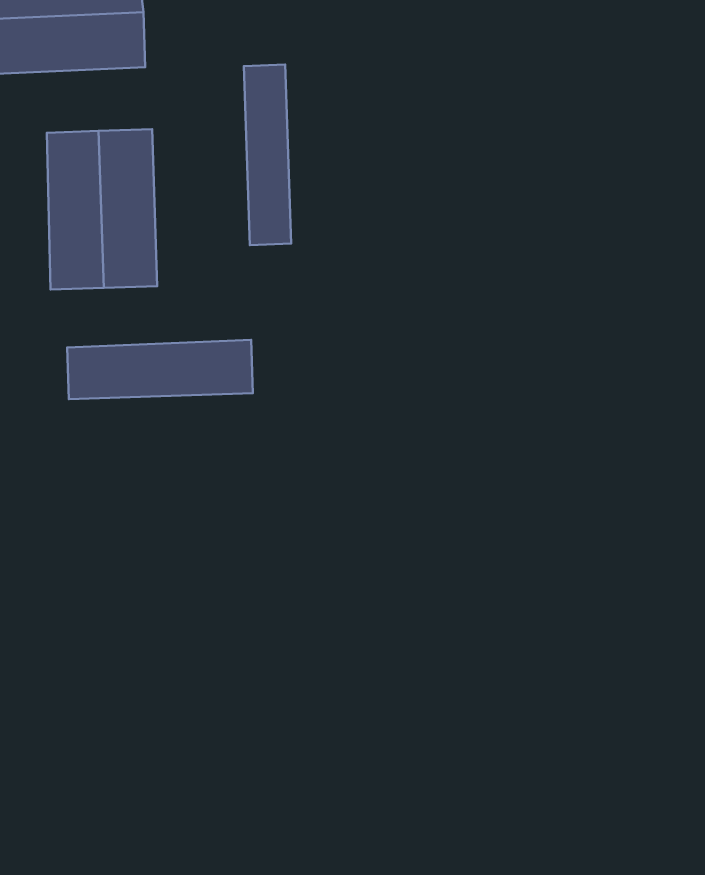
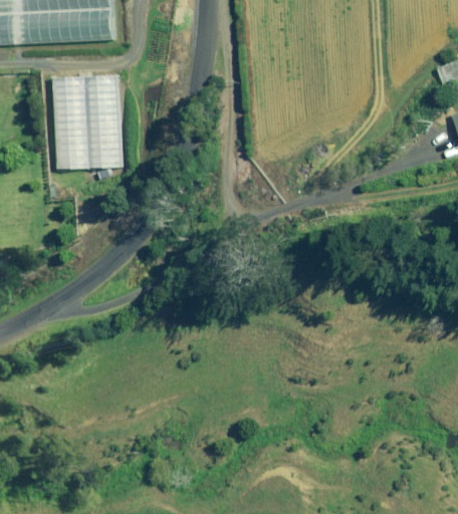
building: [244,65,291,245] -> none
building: [67,340,253,399] -> none

